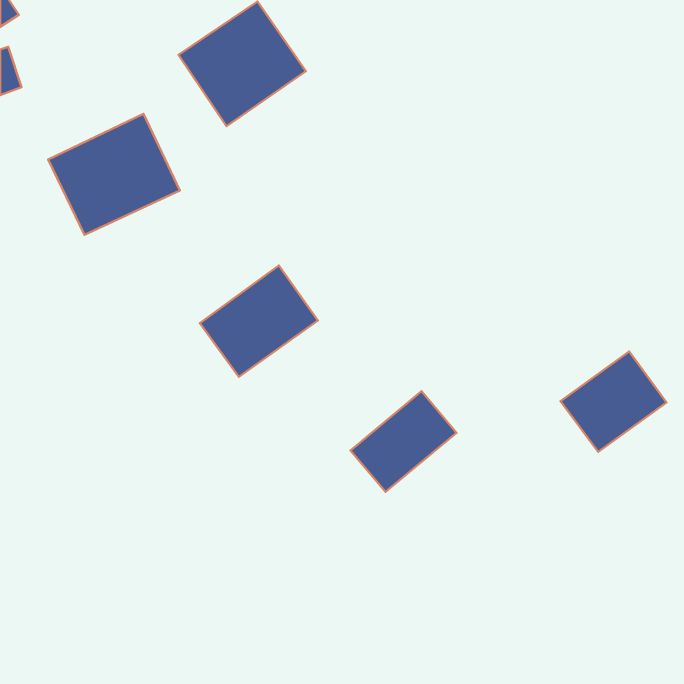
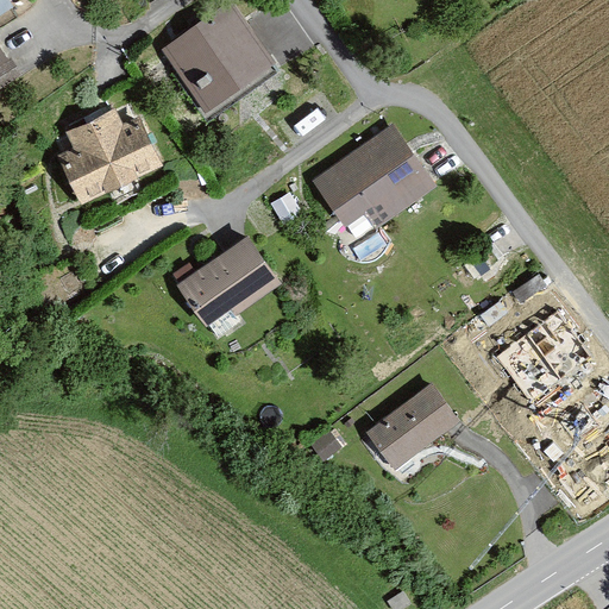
building: none -> [313,125,435,227]
building: [351,391,457,492] -> [364,381,458,470]

